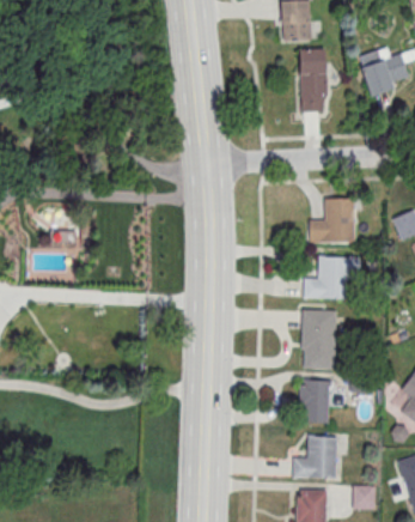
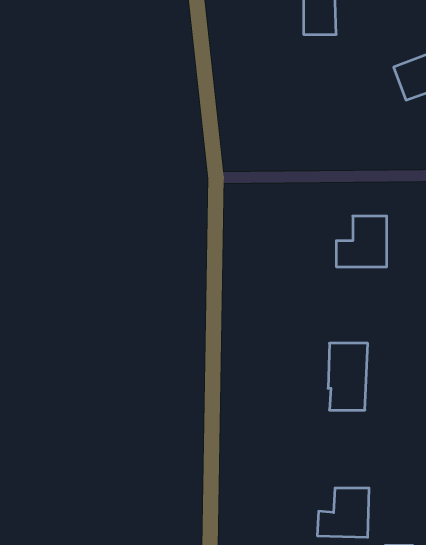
building: [300,48,326,111] -> none
building: [304,255,349,298] -> none
building: [300,380,329,421] -> none

